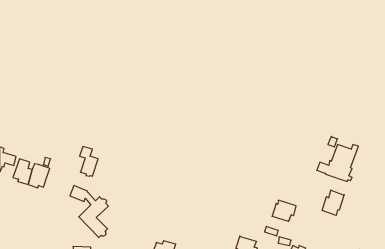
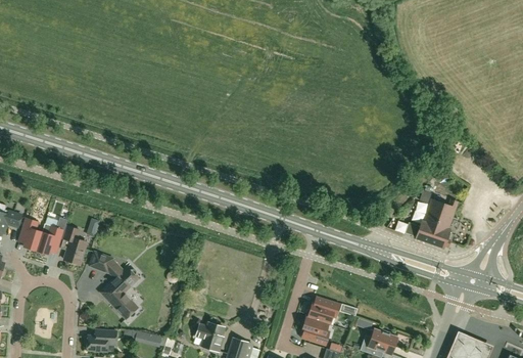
building: [80,147,98,176] -> [63,226,87,264]
building: [322,190,344,215] -> none
building: [272,200,296,221] -> [307,297,338,323]

